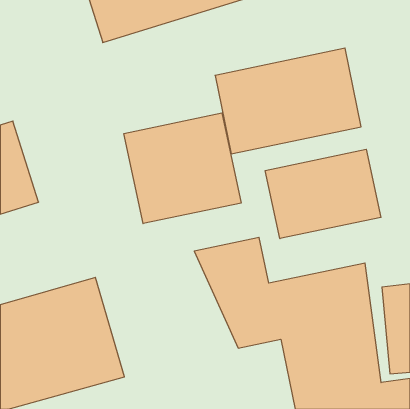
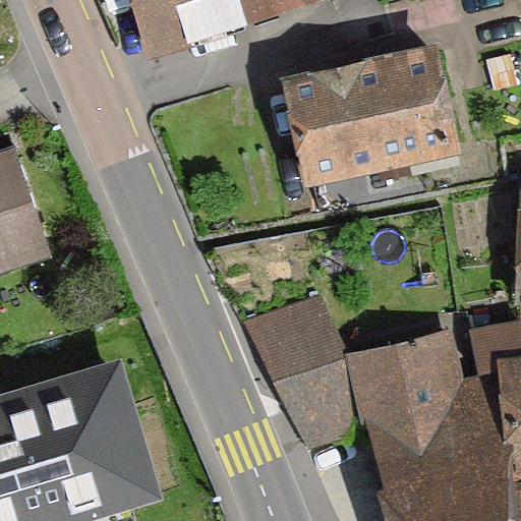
building: [124,113,241,224] -> none
building: [265,149,381,239] -> none

